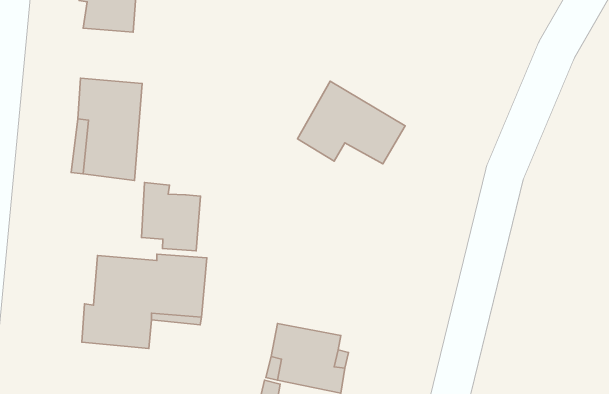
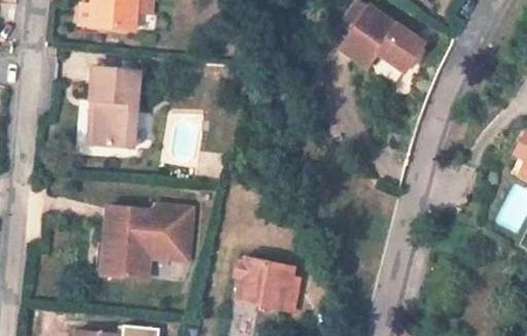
building: [297,81,405,164] -> [340,12,424,77]
building: [141,183,200,251] -> none

